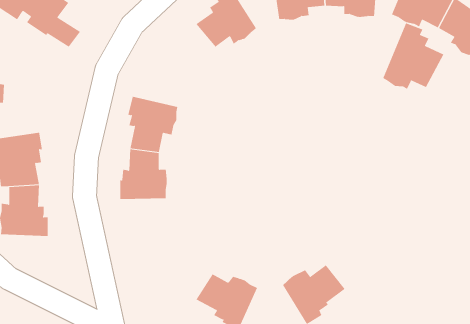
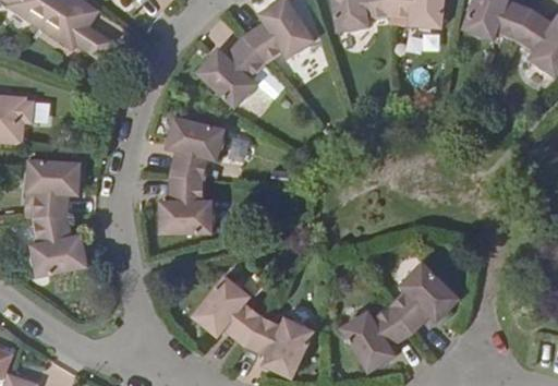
building: [382,22,444,90] -> none
building: none -> [194,36,265,107]
building: none -> [389,263,457,333]
building: none -> [191,278,262,345]

